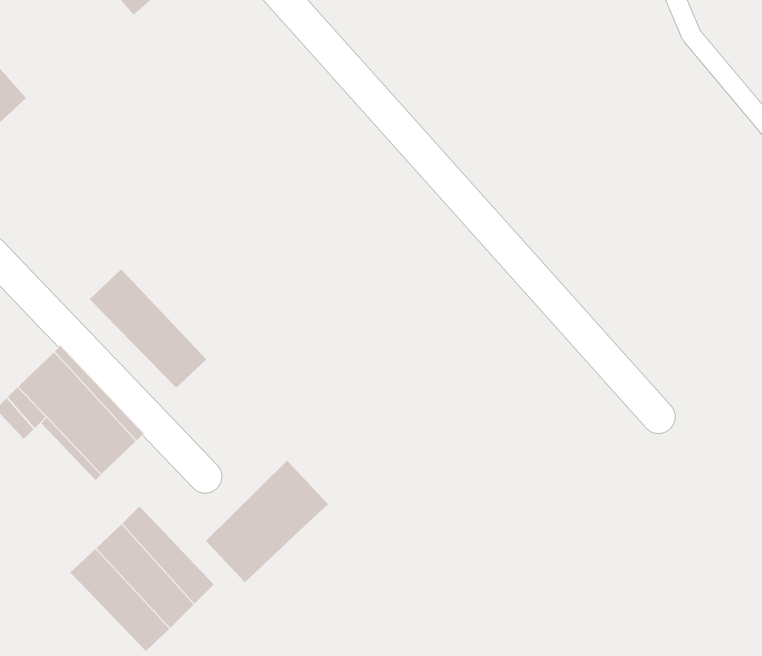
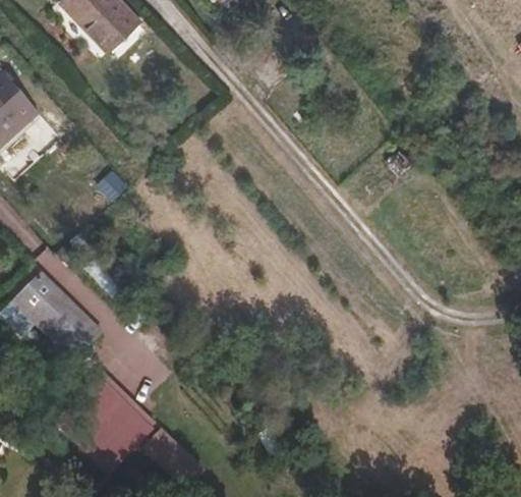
building: [89,269,207,389] -> none
building: [205,460,329,583] -> none

